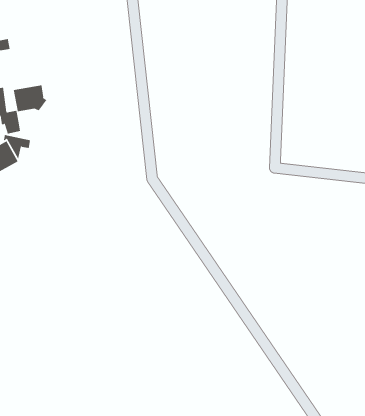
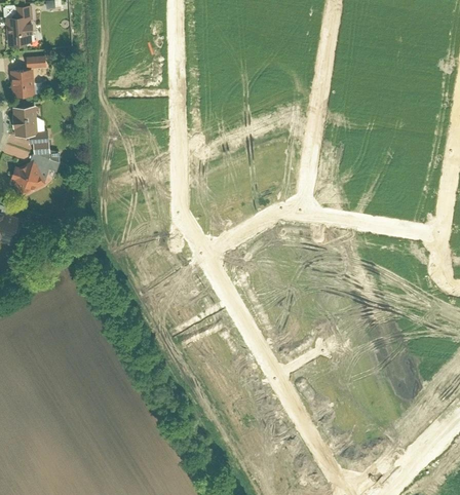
building: [13,85,47,112] -> none

